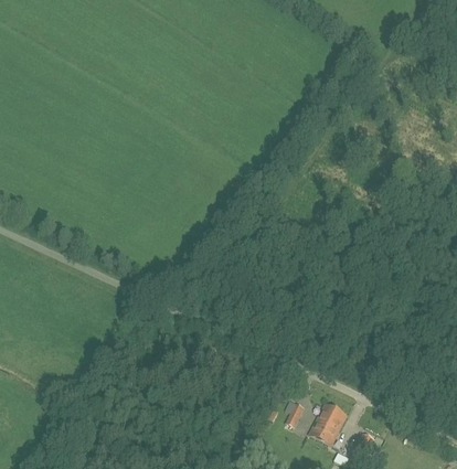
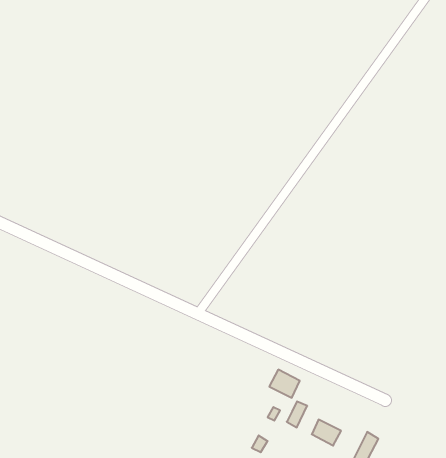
building: [317,403,347,430] -> [269,370,300,398]

